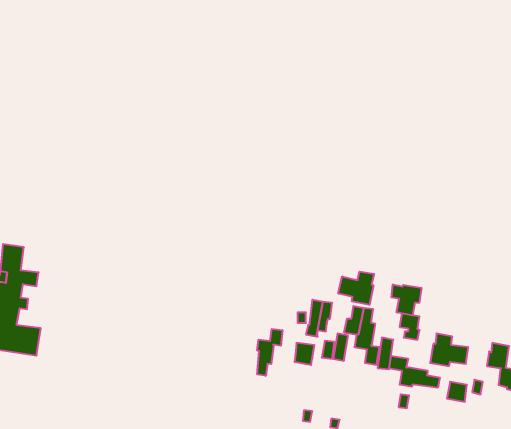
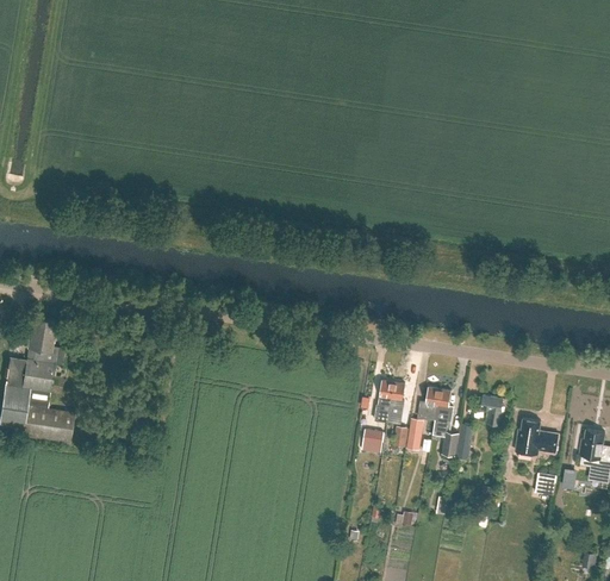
building: [338,272,374,305] -> none
building: [391,284,421,315] -> none
building: [257,329,282,376] -> none
building: [389,356,440,388] -> none

